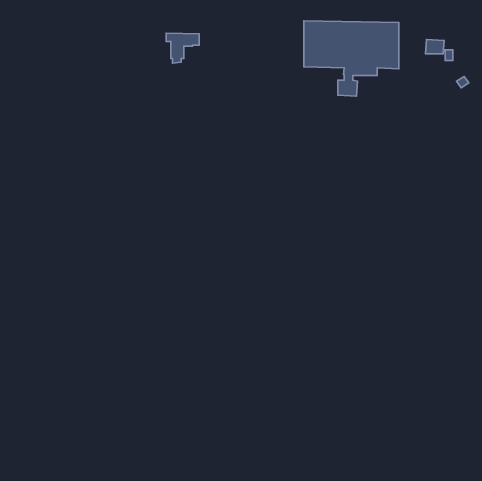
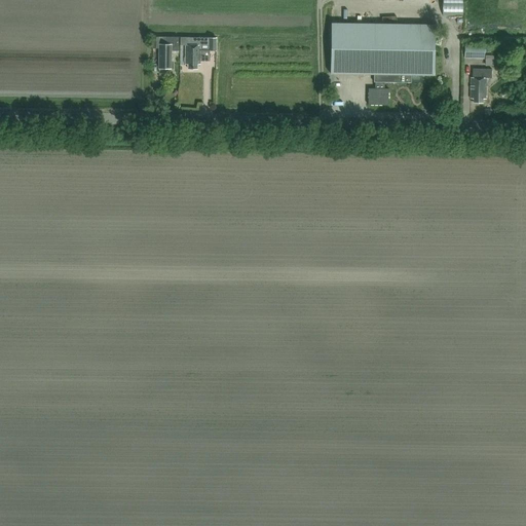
building: none -> [153,36,178,69]
building: none -> [471,68,492,102]

